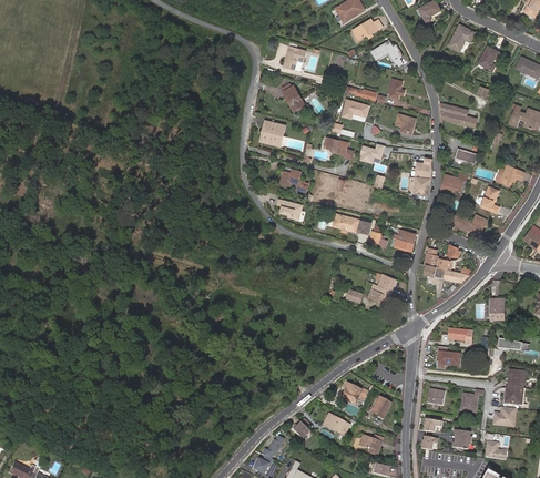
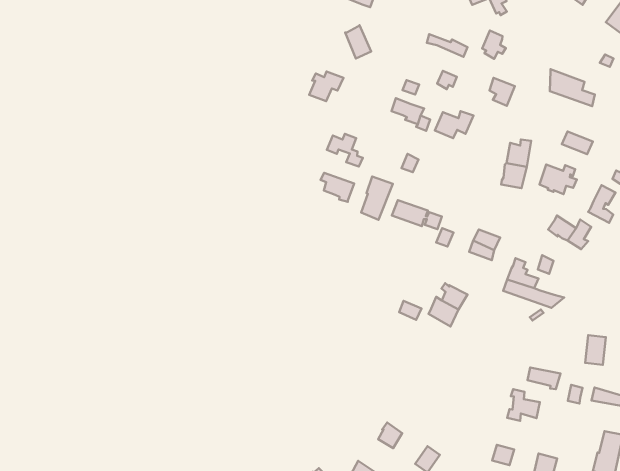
building: none -> [361,177,393,220]

